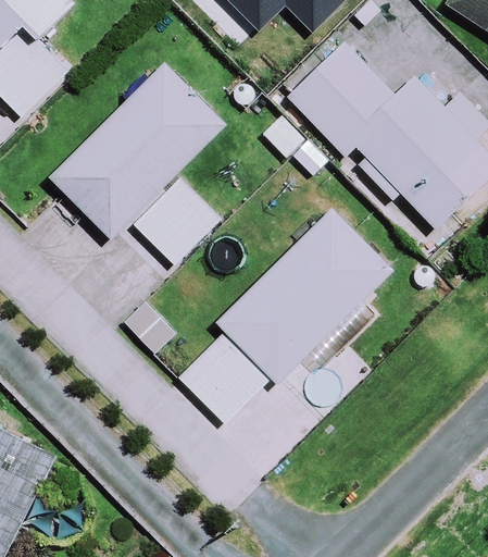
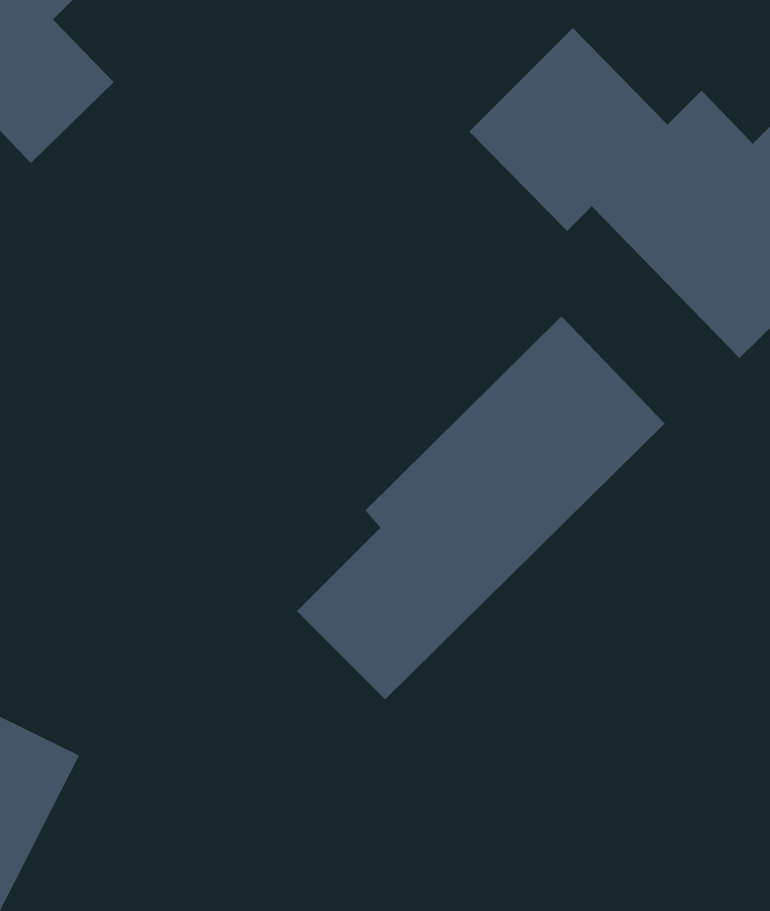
building: [54,64,226,263] -> none

